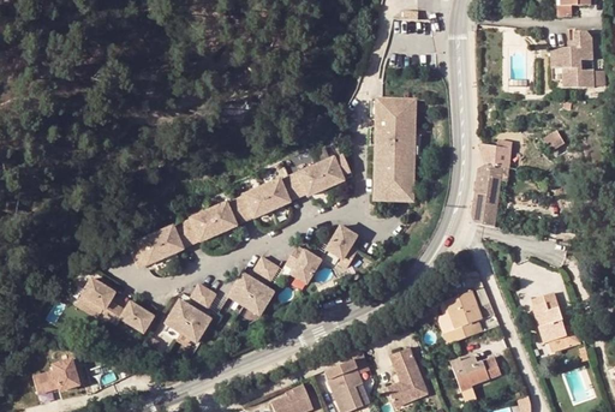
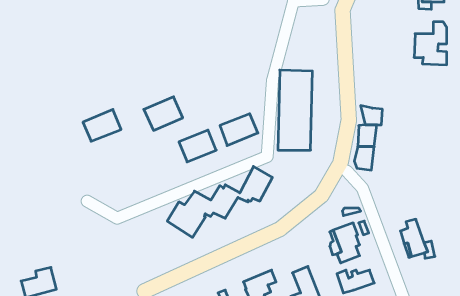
building: [186,197,238,241] -> [144,97,183,130]
building: [133,222,184,264] -> [83,109,121,141]
building: [74,274,217,348] -> none

